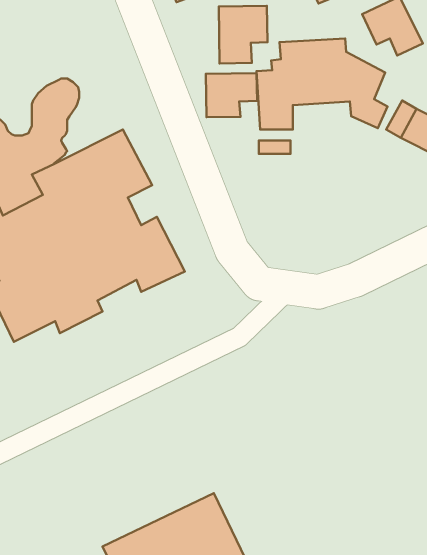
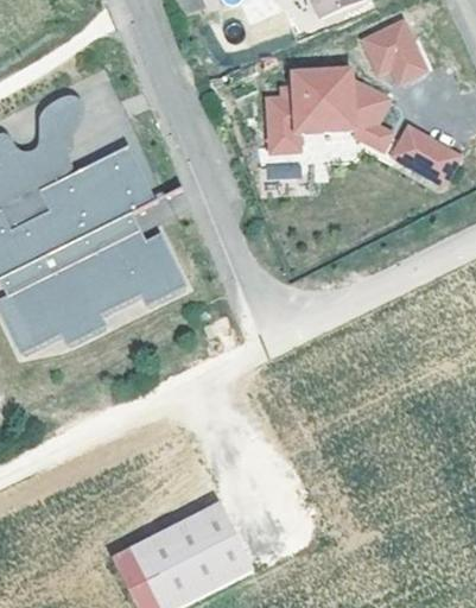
building: [219,6,268,64] -> none
building: [206,73,257,117] -> none

